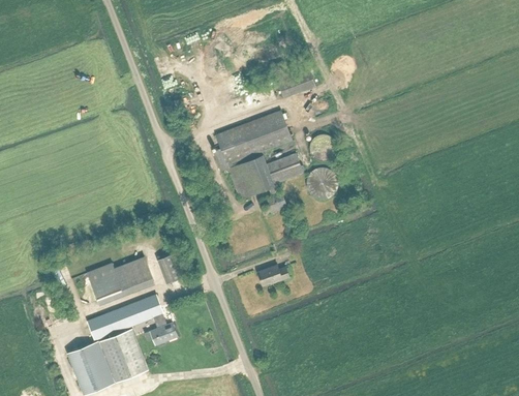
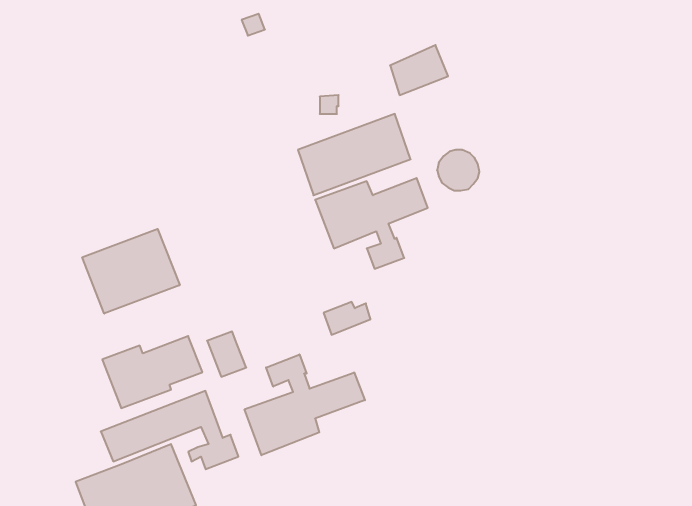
building: [305,167,337,200] -> none
building: none -> [82,229,180,314]
building: [257,265,288,286] -> [324,302,371,335]
building: none -> [245,354,365,455]

